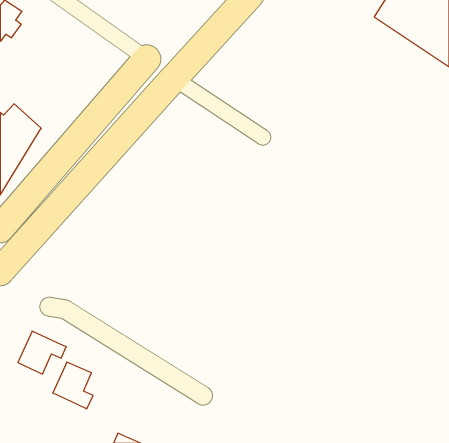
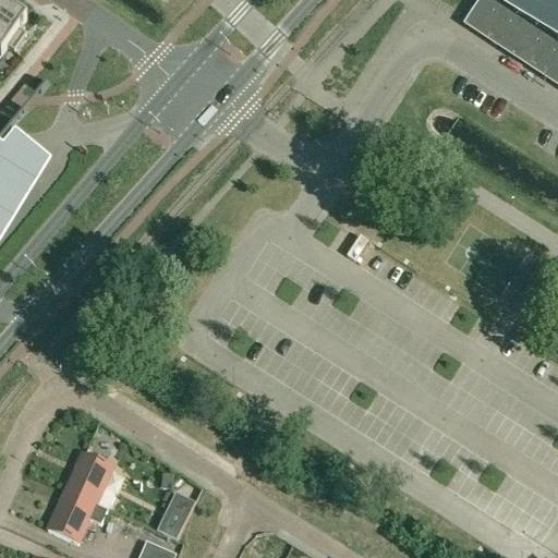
building: [18,331,66,374] -> [48,487,108,541]
building: none -> [156,489,195,536]

